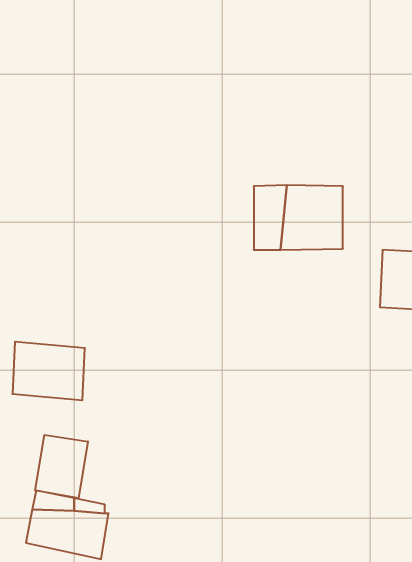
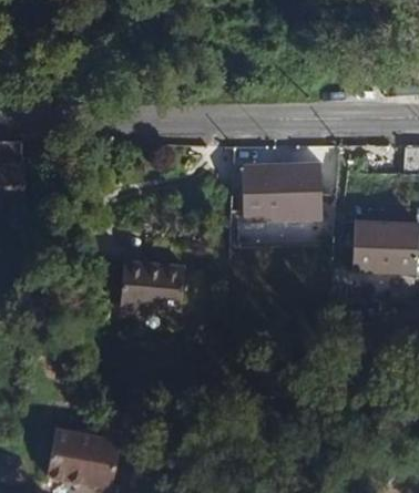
building: [12,342,85,400] -> [117,265,181,316]
building: [35,435,88,498] -> none

